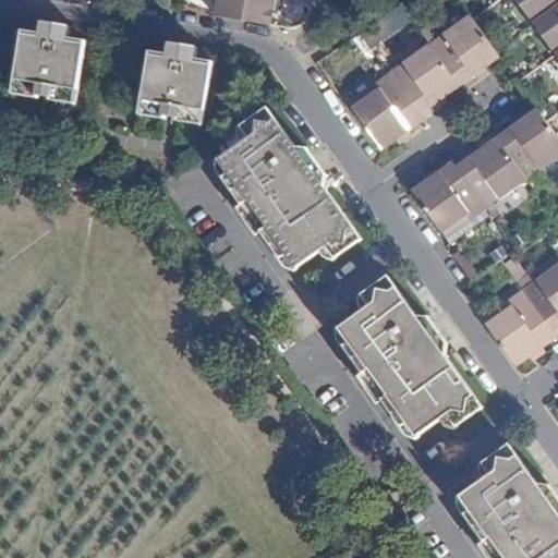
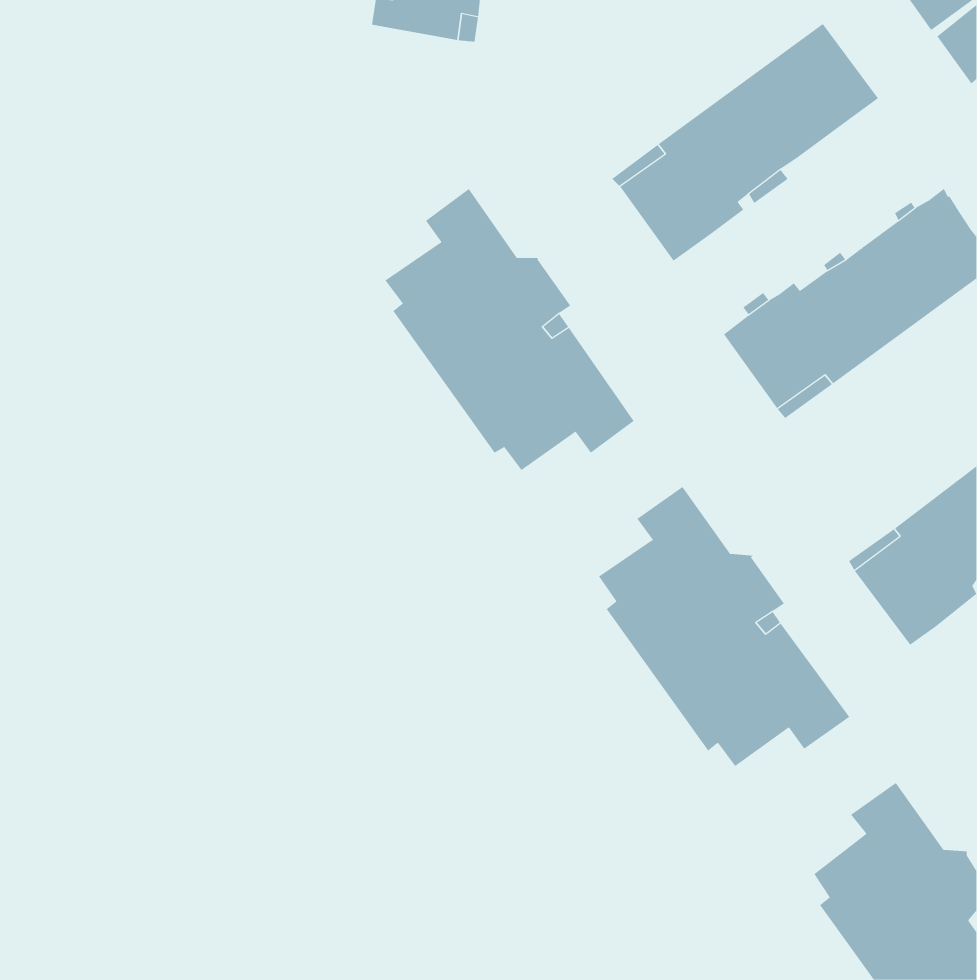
building: [11,23,84,105] -> none
building: [137,44,211,124] -> none

